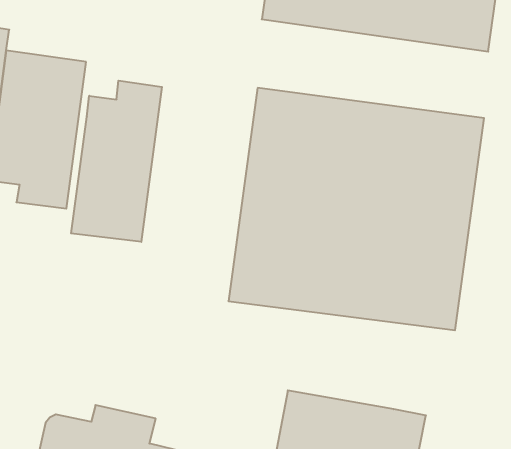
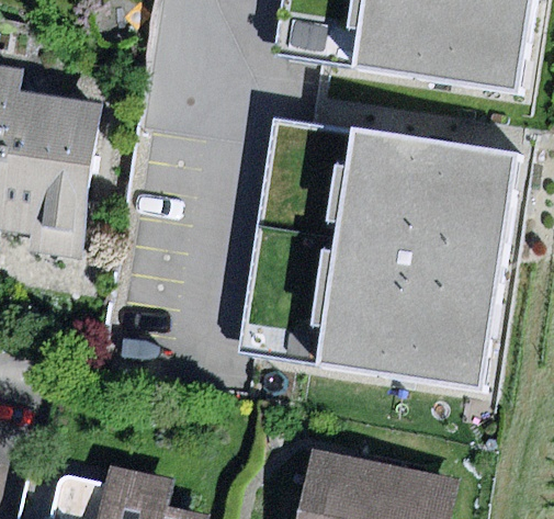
building: [71,81,162,242] -> none

